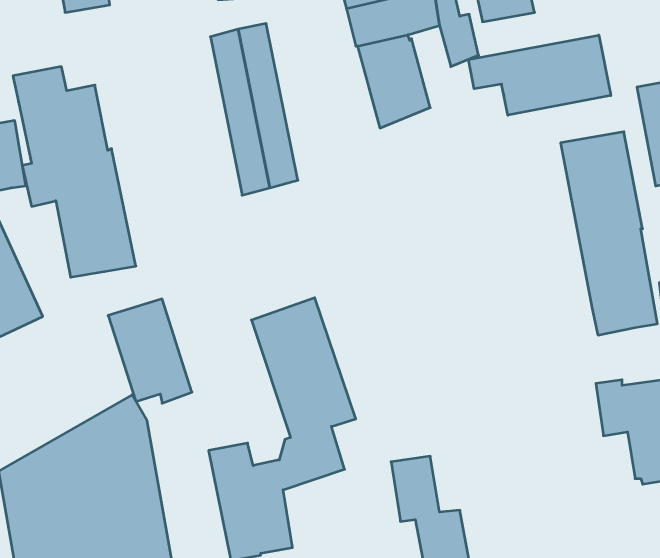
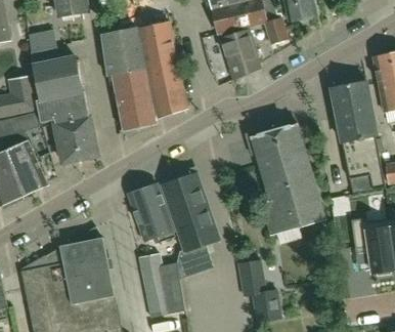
building: none -> [102,27,156,128]
building: [469,35,611,115] -> none
building: none -> [251,122,324,243]
building: [108,299,192,403] -> [129,183,175,241]

